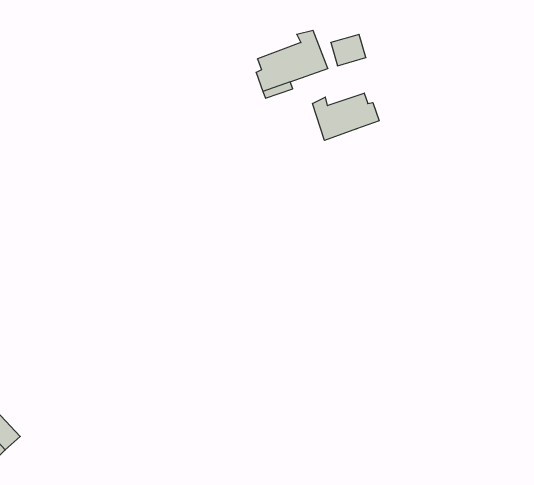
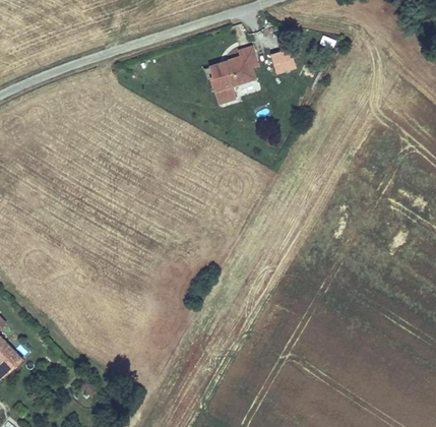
building: [313,93,379,140] -> none

